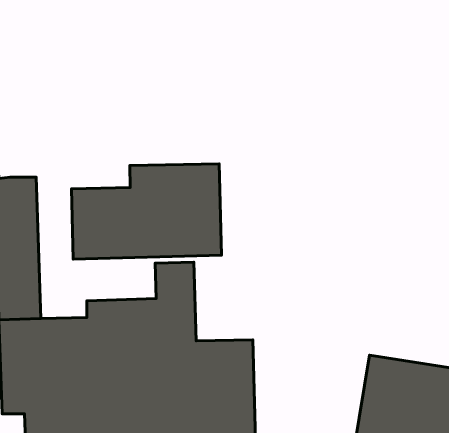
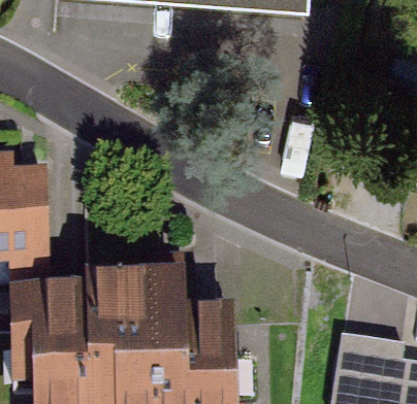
building: [71,164,222,259] -> none

